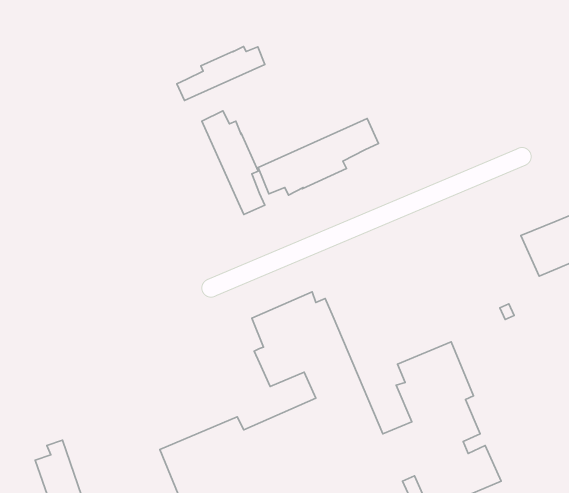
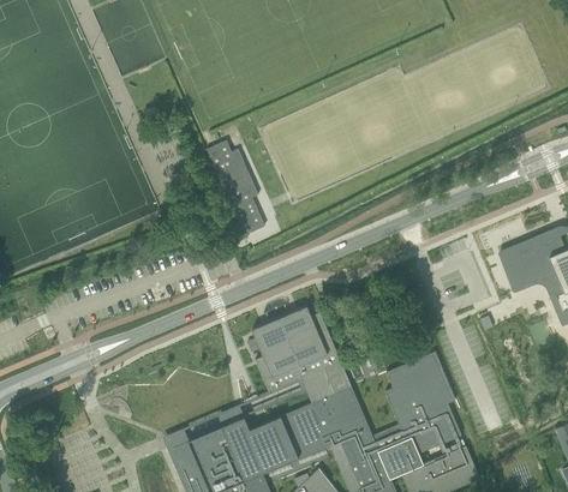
building: [177,46,265,101] -> none
building: [258,119,379,195] -> none

